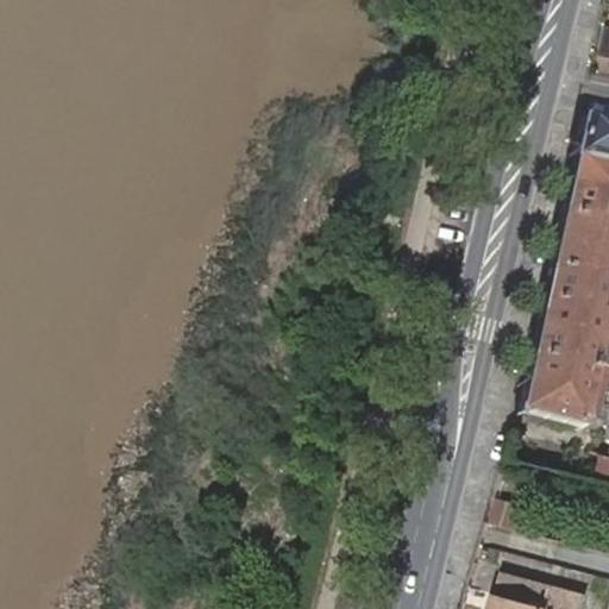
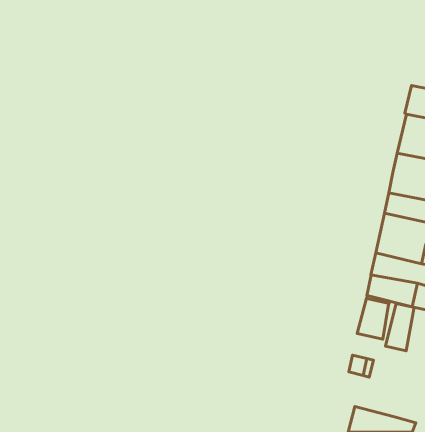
building: none -> [357,298,389,339]
building: none -> [385,303,415,351]

